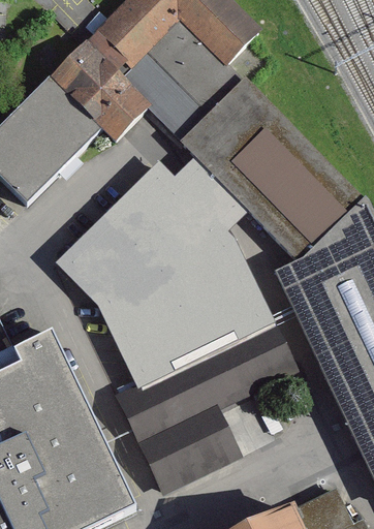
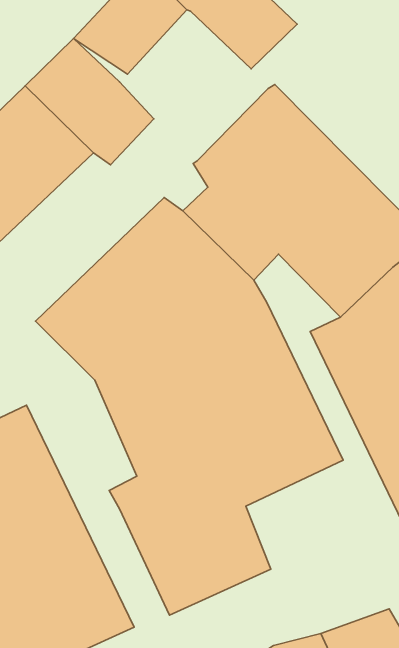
building: [121,20,238,137] -> none

